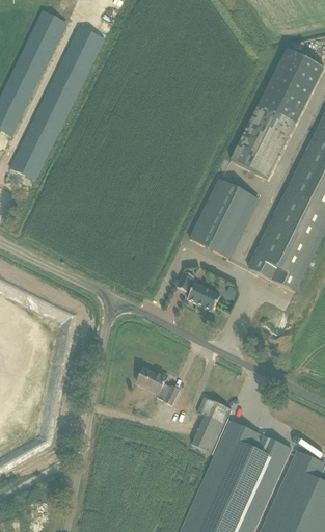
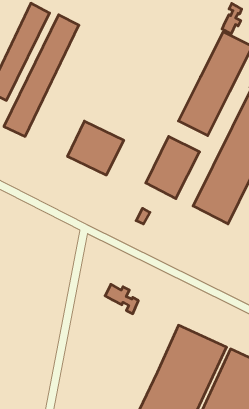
building: none -> [222,3,242,34]
building: none -> [68,121,124,175]
building: [186,283,219,311] -> none
building: [191,396,231,453] -> none

